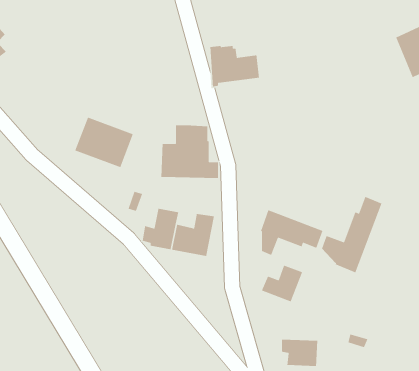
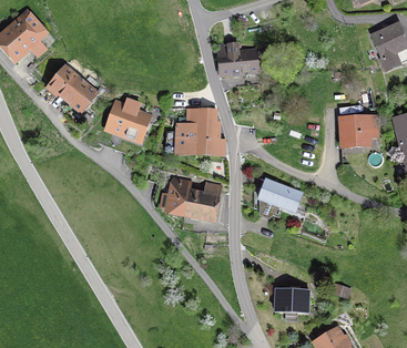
building: none -> [45,65,96,111]
building: none -> [342,117,367,143]
building: [321,196,383,274] -> none
building: [261,265,303,302] -> none

